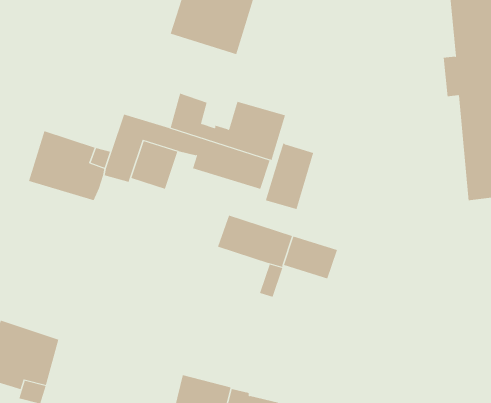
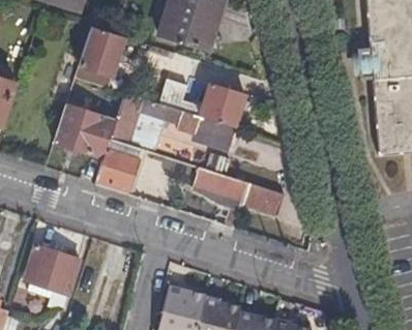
building: none -> [75,26,142,88]
building: [265,142,314,210] -> none
building: none -> [95,148,137,190]

